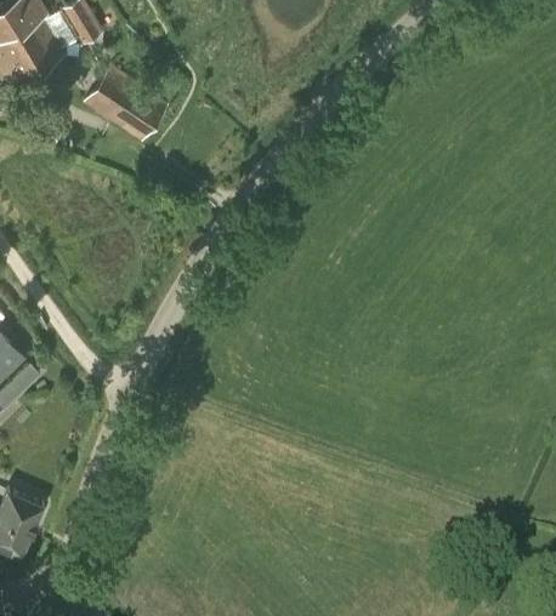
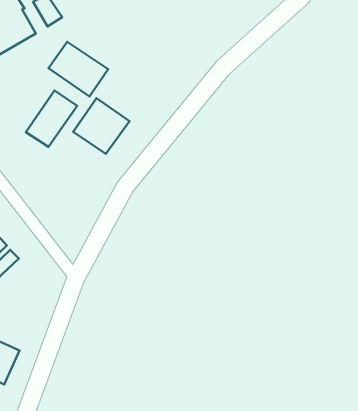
building: none -> [26,90,77,147]
building: none -> [73,98,130,154]

